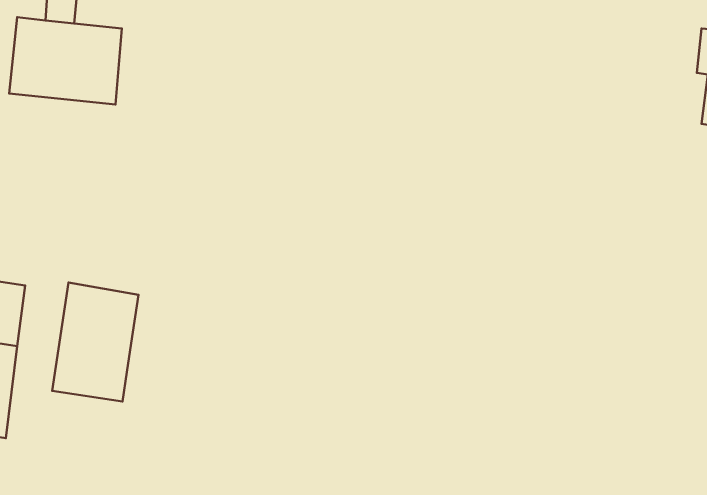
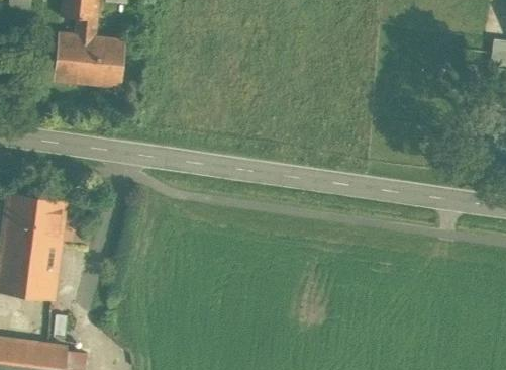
building: [52,283,139,401] -> none

